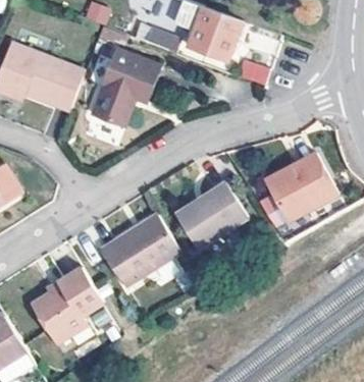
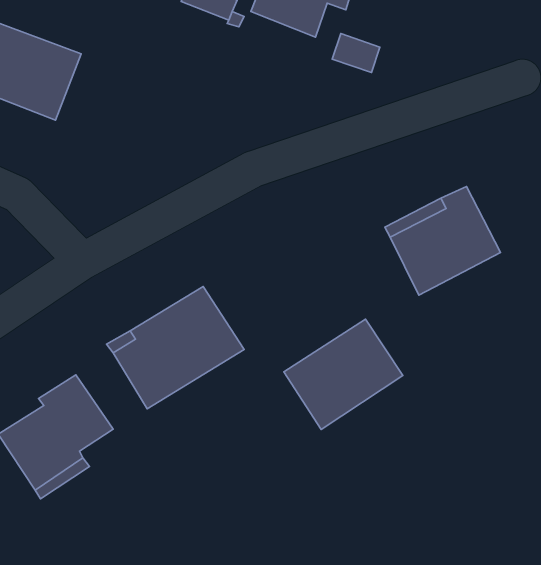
building: [93,50,161,128] -> none
building: [175,181,247,248] -> [284,319,403,430]

